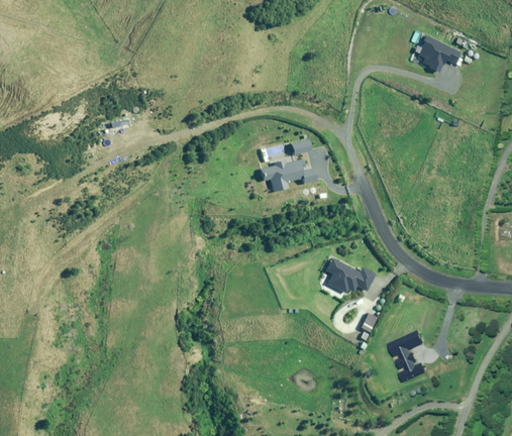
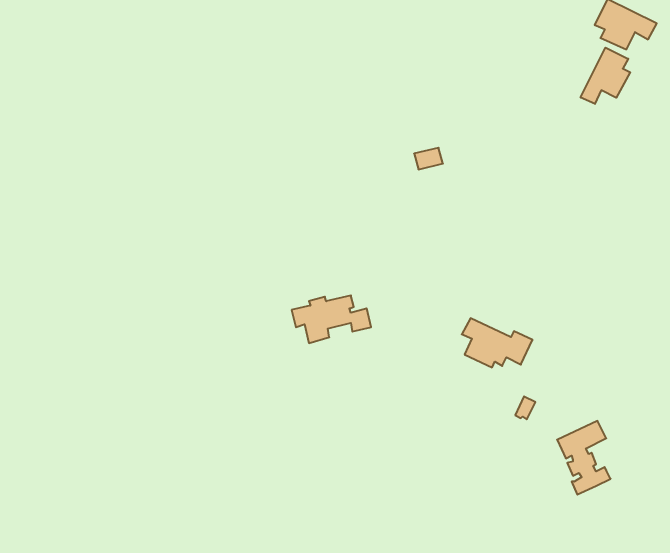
building: none -> [581,48,630,104]
building: [262,158,317,192] -> [292,295,371,343]

